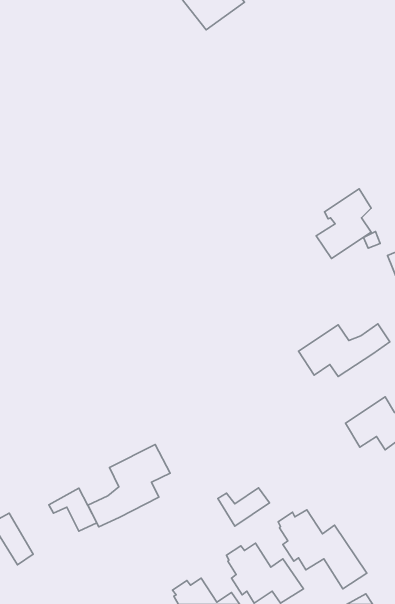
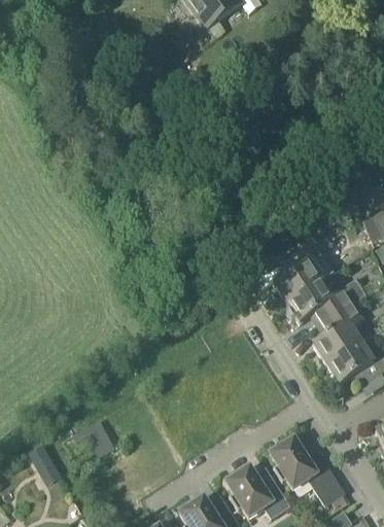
building: [316,189,371,258] -> [274,242,321,302]
building: none -> [314,304,361,363]
building: [88,444,170,527] -> none
building: [218,488,270,526] -> none

